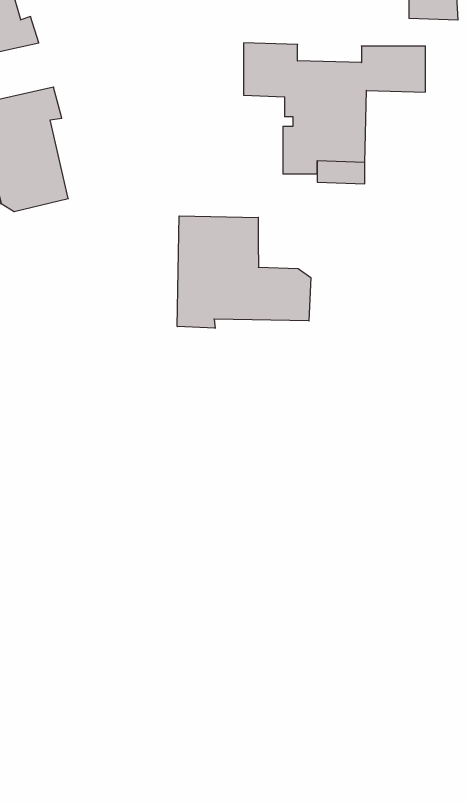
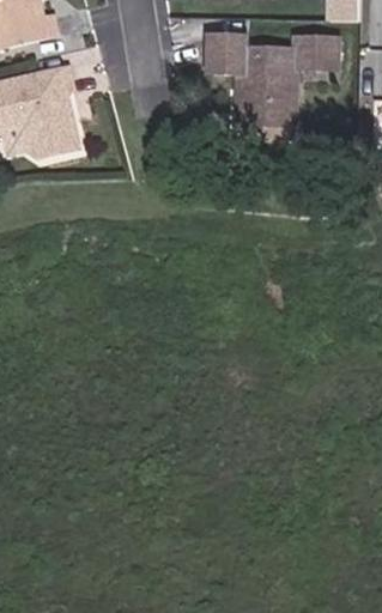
building: [177,216,311,328] -> none

